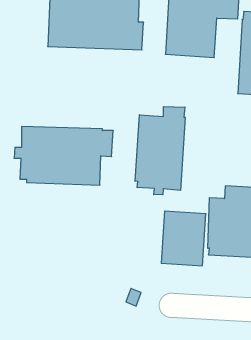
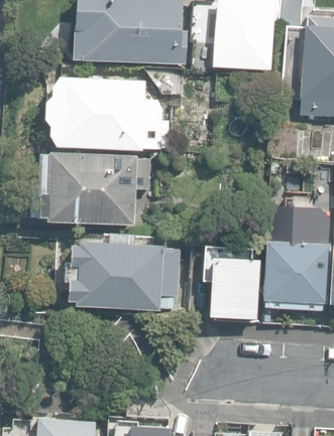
building: none -> [45,77,171,148]
building: [135,107,185,195] -> none
building: none -> [66,233,182,310]

